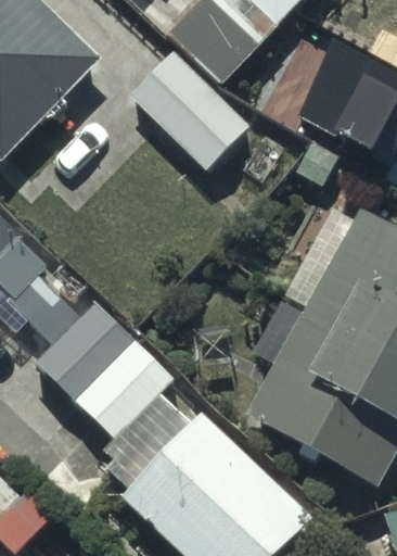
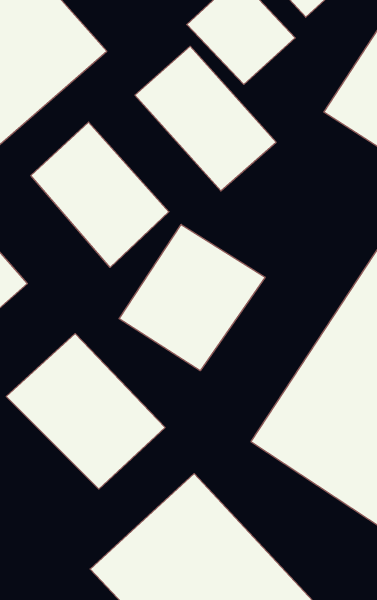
building: none -> [31,122,169,267]
building: none -> [119,224,265,371]

